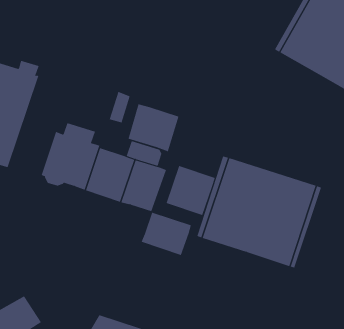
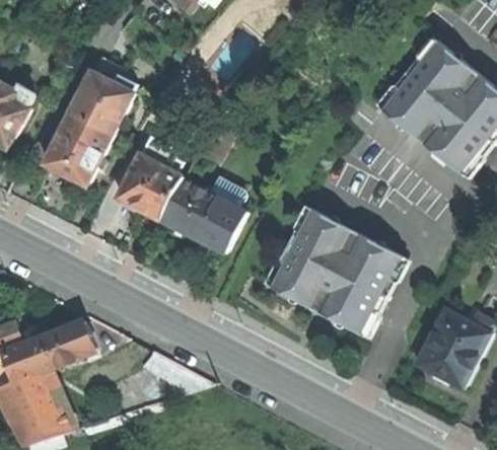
building: [128,104,179,152] -> none
building: [166,165,216,216] -> none
building: [141,212,192,256] -> none

